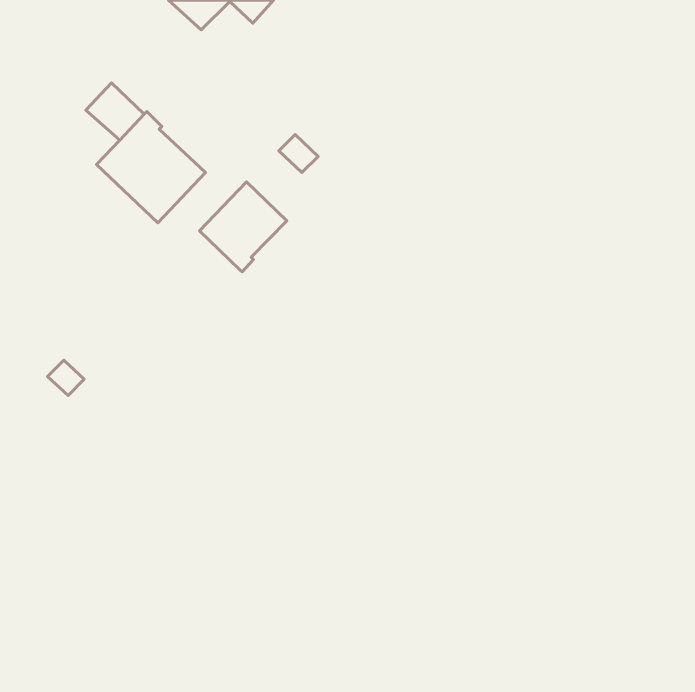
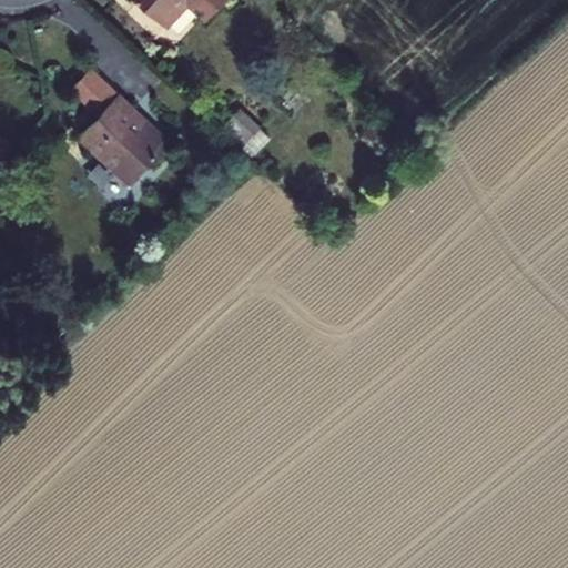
building: [200,182,287,272] -> none

